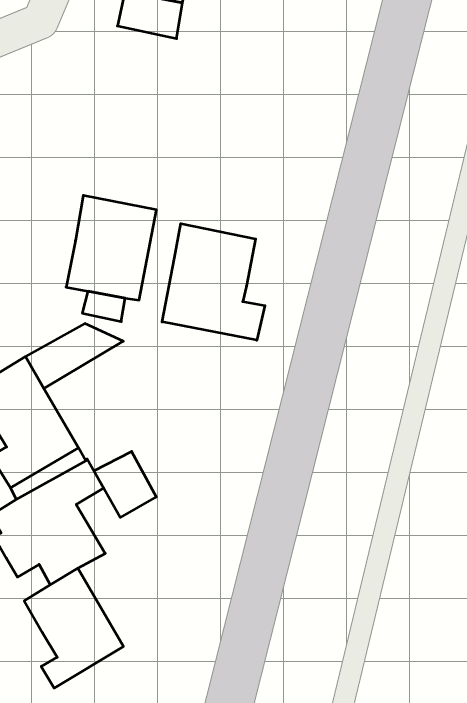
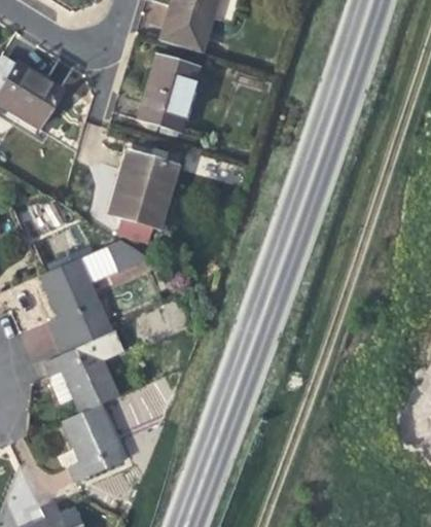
building: none -> [139,58,197,129]
building: [162,224,265,340] -> none
building: [94,451,156,517] -> none

